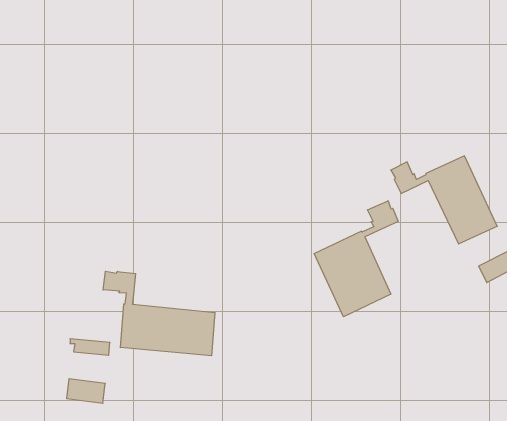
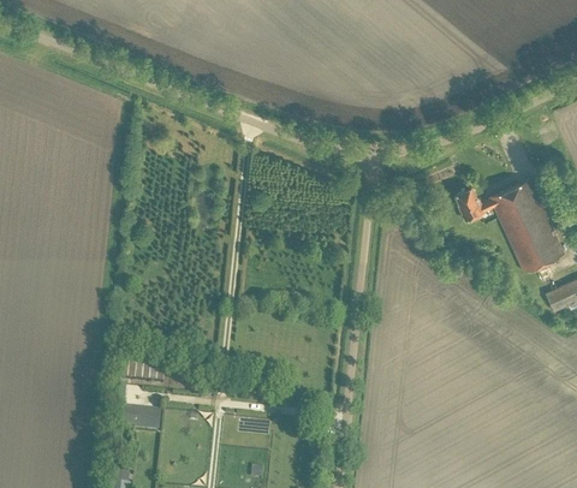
building: [314,201,398,317] -> none
building: [103,271,215,356] -> none

